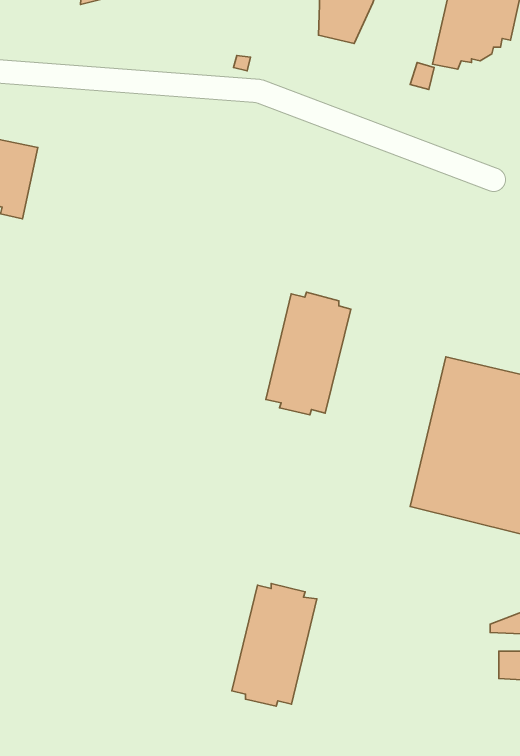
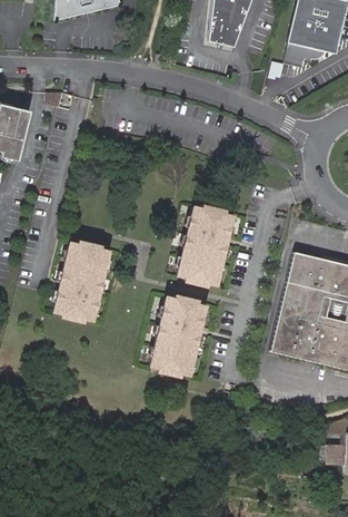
building: none -> [52,245,109,324]
building: [232,583,317,706] -> [149,299,205,379]

